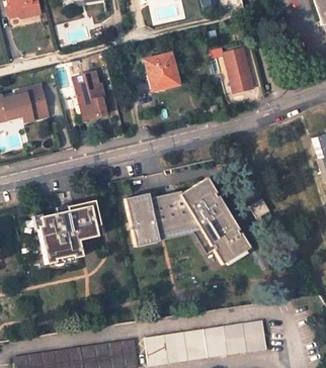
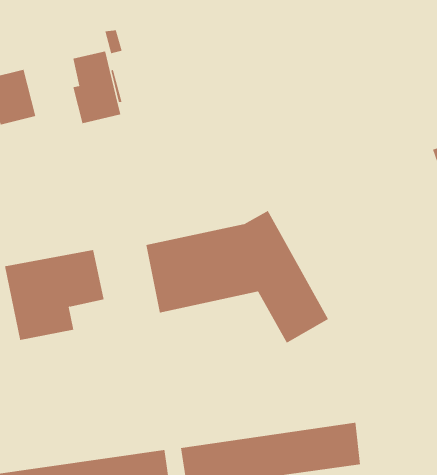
building: [225,49,255,93] -> none
building: [148,54,181,90] -> none

